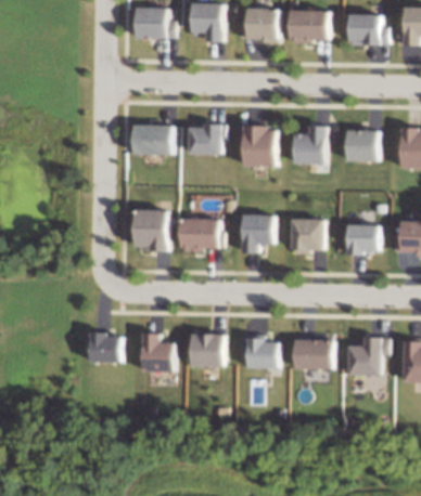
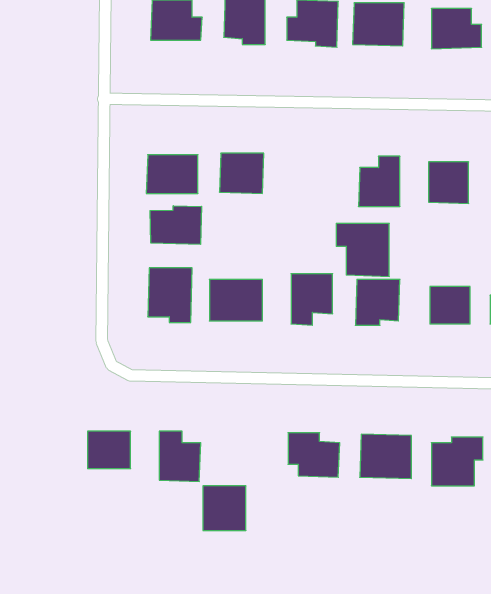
building: [235,126,276,166] -> [336,223,389,276]
building: none -> [150,206,202,244]
building: [191,332,224,366] -> [203,486,246,530]

